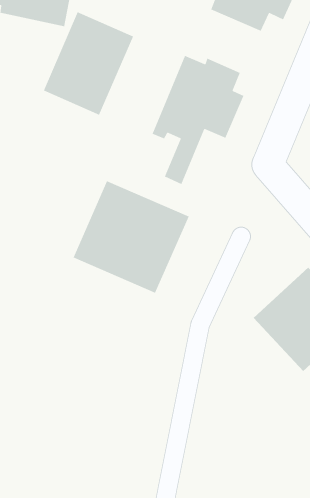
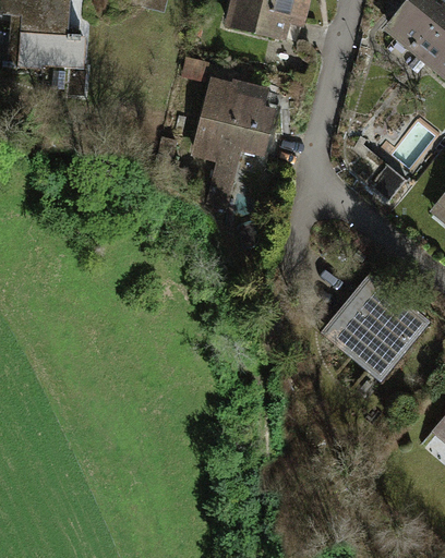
building: [43,11,134,116] -> none
building: [72,180,190,294] -> none

